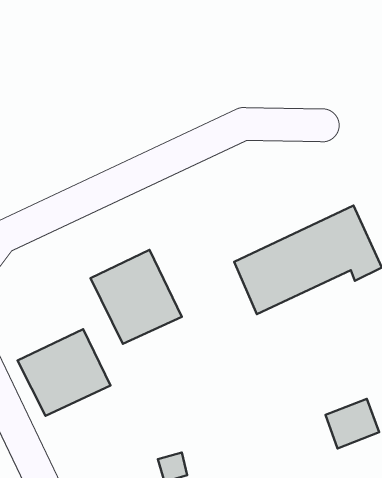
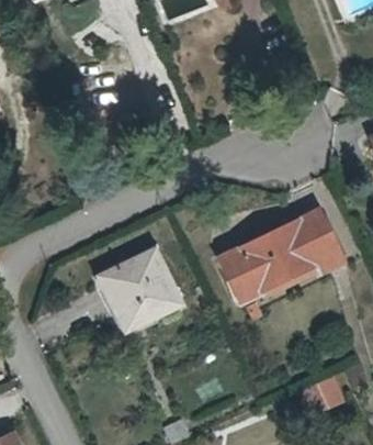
building: [18,329,110,416] -> none

